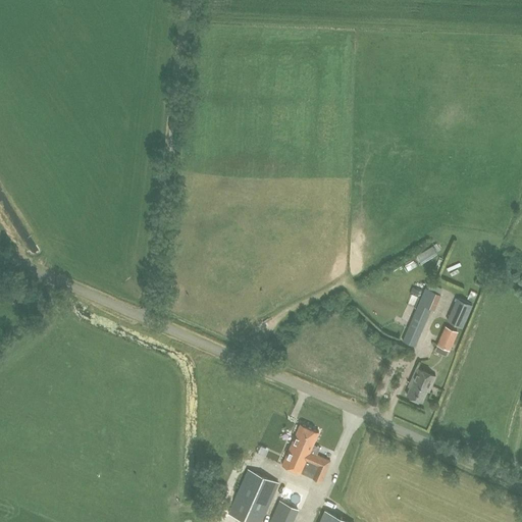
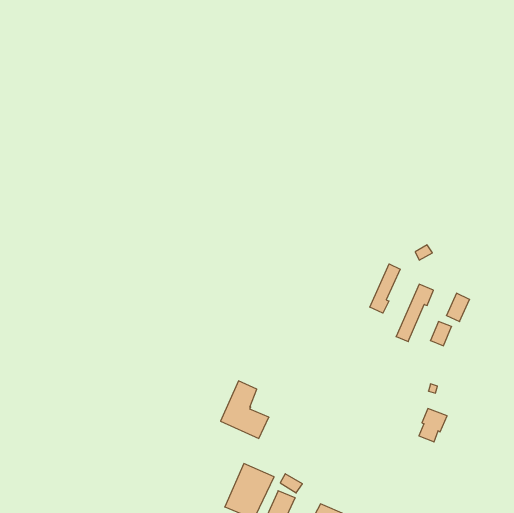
building: none -> [370,264,400,313]
building: [406,369,434,403] -> [419,409,447,442]
building: [280,425,329,483] -> [221,381,269,438]

